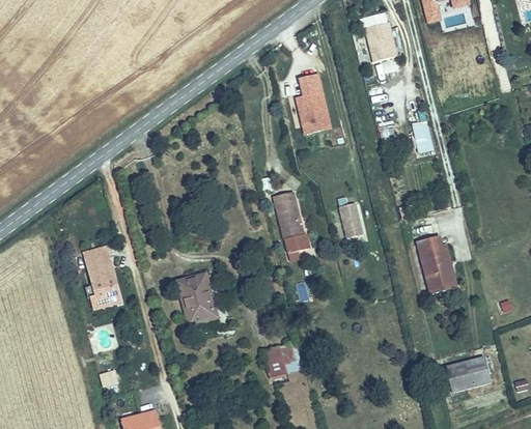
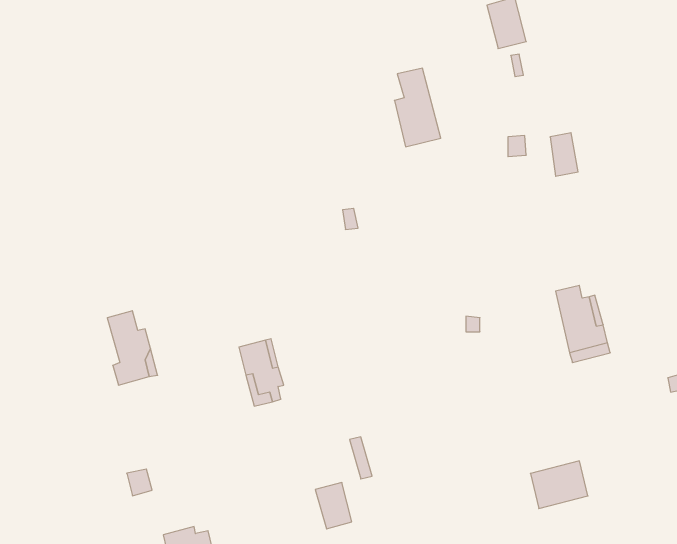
building: [274,191,308,251] -> none
building: [335,197,363,239] -> none
building: [272,342,299,376] -> [315,483,352,529]
building: [446,355,488,391] -> [530,461,588,509]

